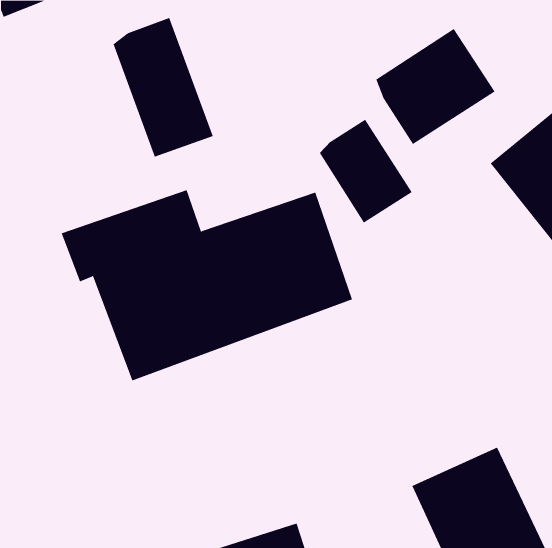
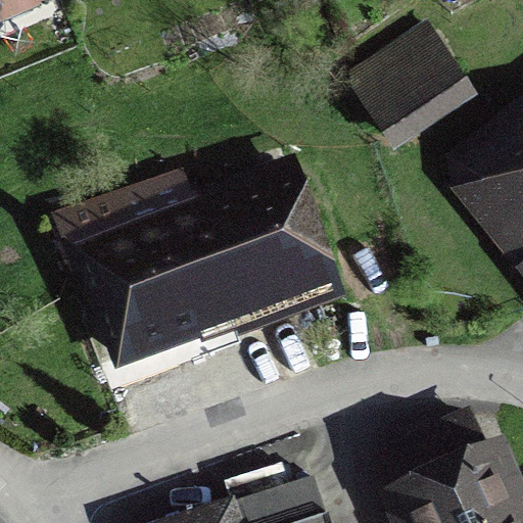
building: [113,17,214,158] -> none
building: [319,119,413,223] -> none

